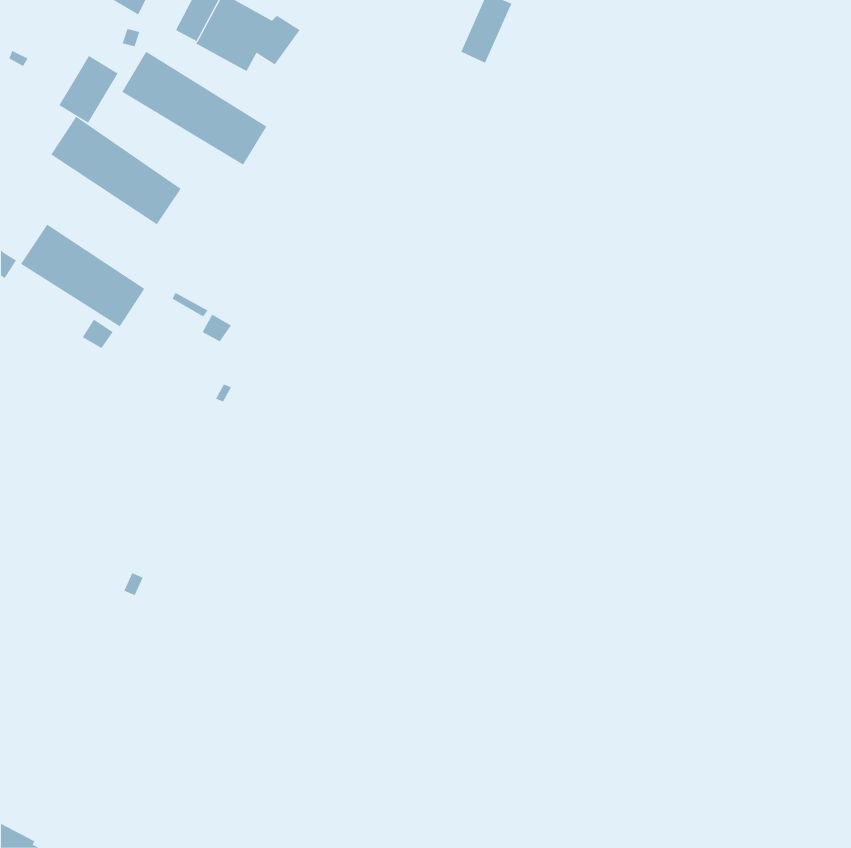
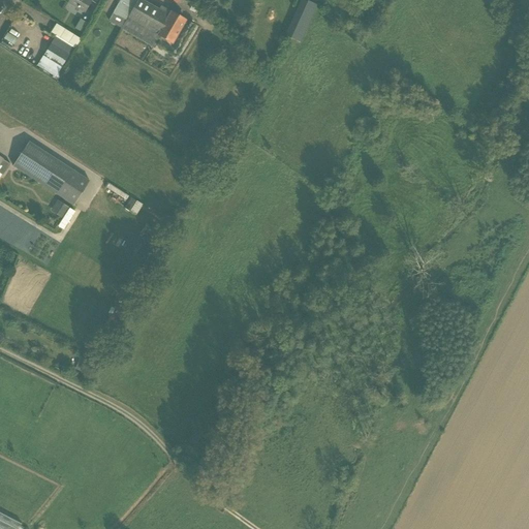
building: [121,51,267,165] -> none
building: [51,116,182,225] -> none

